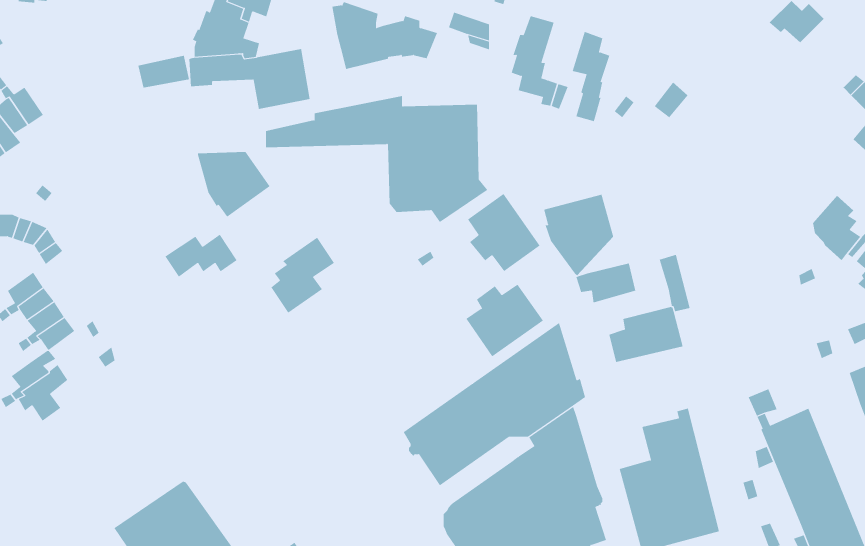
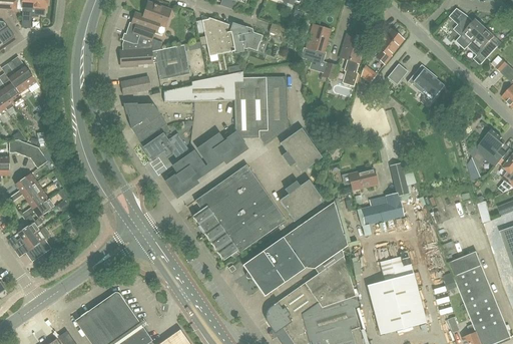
building: none -> [467,27,498,62]
building: none -> [376,29,403,63]
building: [138,55,190,88] -> [120,75,150,94]
building: none -> [407,67,444,98]
building: [544,194,614,276] -> none
building: none -> [198,132,245,163]
building: [164,234,238,278] -> [144,134,186,159]
building: none -> [192,164,285,260]

